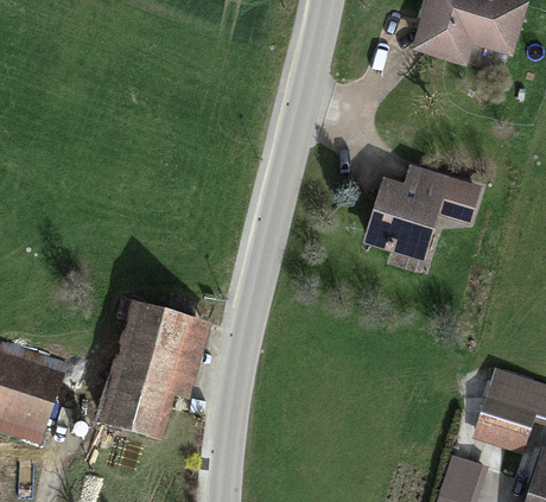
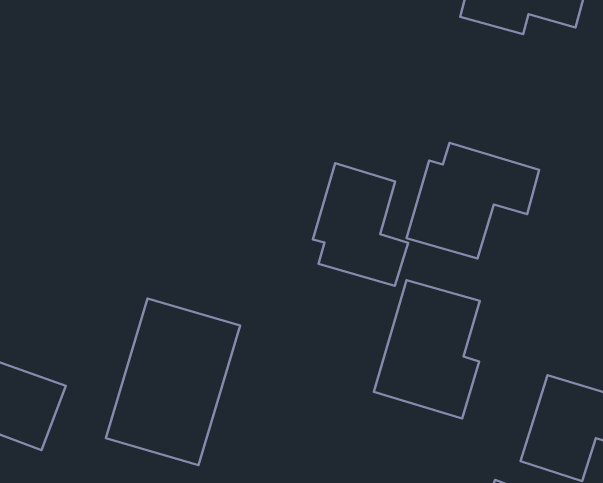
building: none -> [313,163,408,286]
building: none -> [374,280,480,419]

